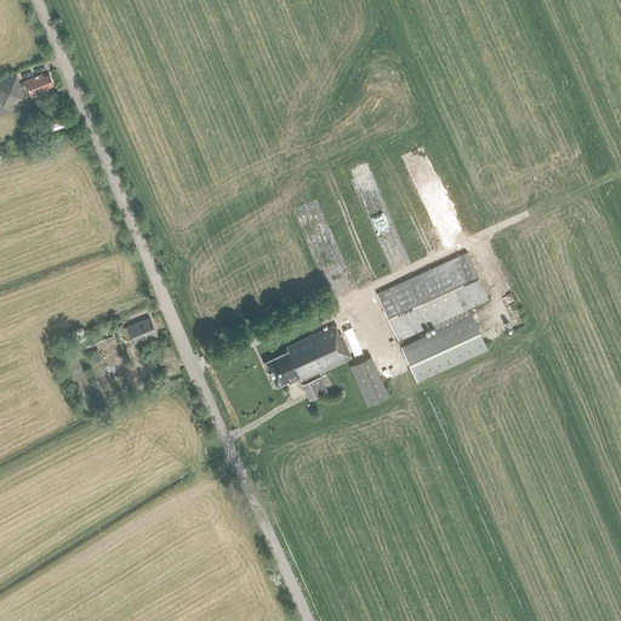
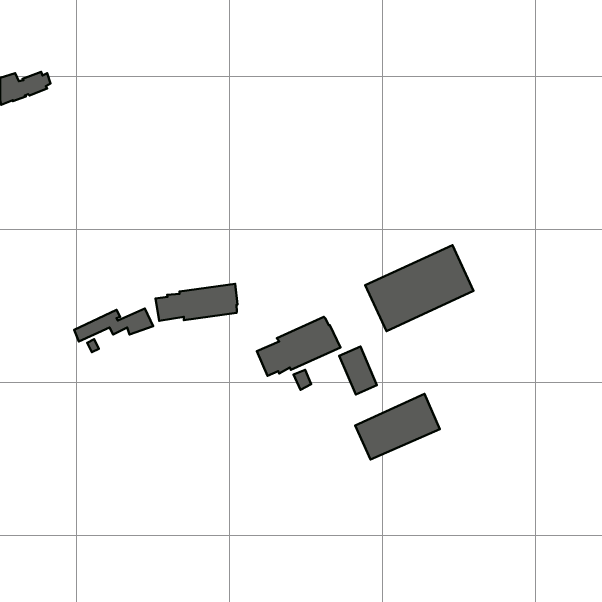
building: none -> [155,284,237,321]
building: [400,314,488,382] -> [355,394,440,460]

